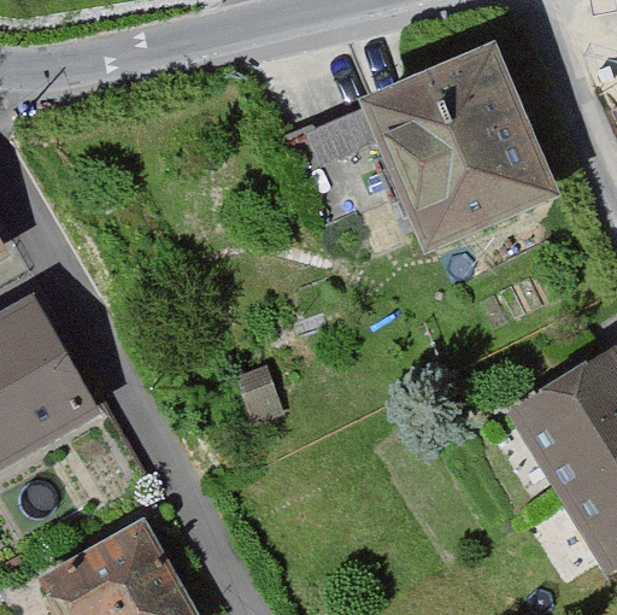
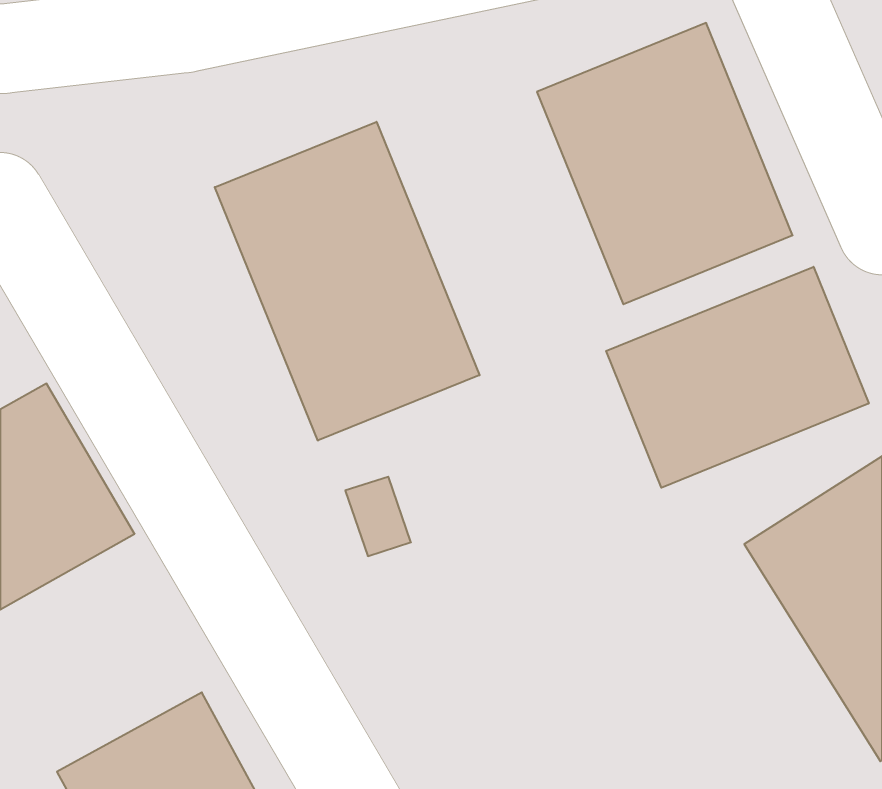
building: none -> [215,122,480,441]
building: none -> [606,267,869,488]

